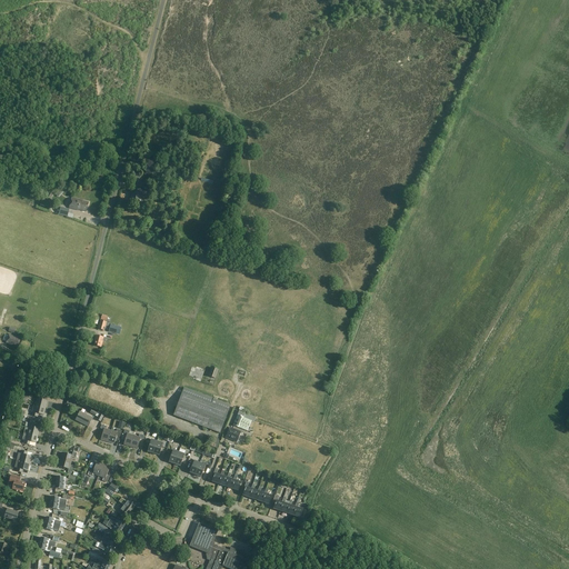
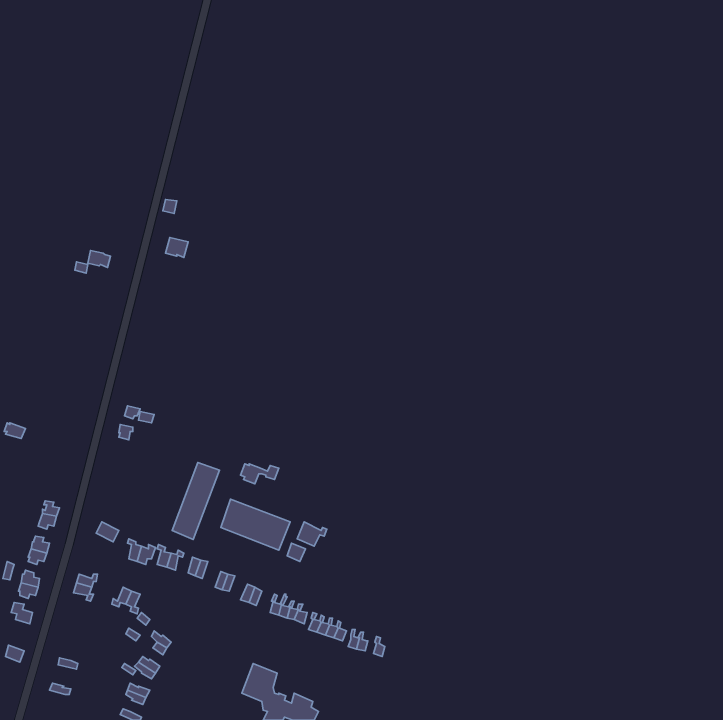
building: none -> [172,463,219,539]

